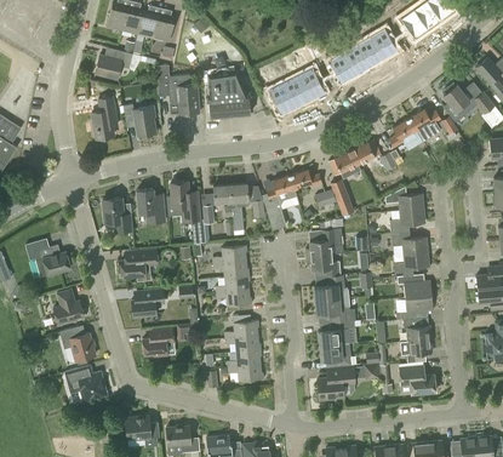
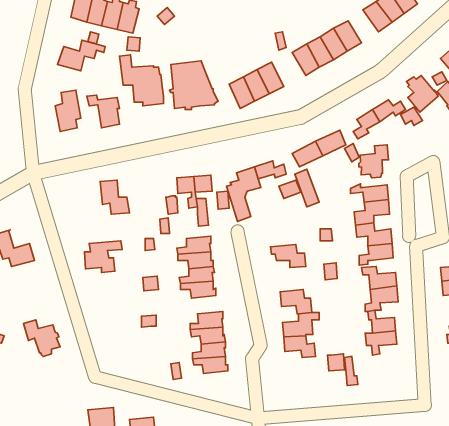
building: none -> [359,145,389,178]
building: [167,182,201,222] -> none
building: [103,198,133,233] -> none
building: [307,229,343,256] -> none
building: [315,275,344,301] -> none
building: [53,290,85,325] -> none
building: [132,290,165,316] -> none
building: [143,329,173,356] -> none
building: [400,366,436,394] -> none
building: [319,367,355,400] -> none
building: [67,370,107,401] -> none

